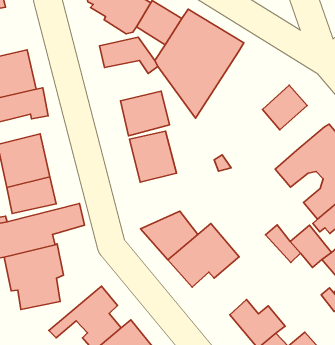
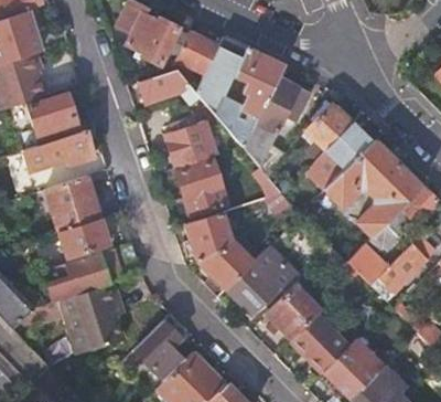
building: none -> [244,75,311,155]
building: none -> [327,124,372,169]
building: none -> [187,211,236,261]
building: none -> [266,282,323,339]

